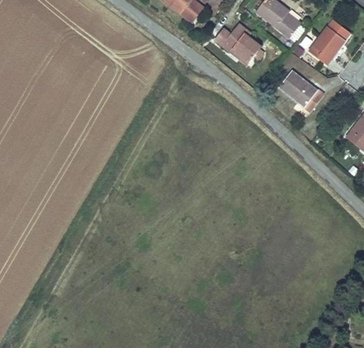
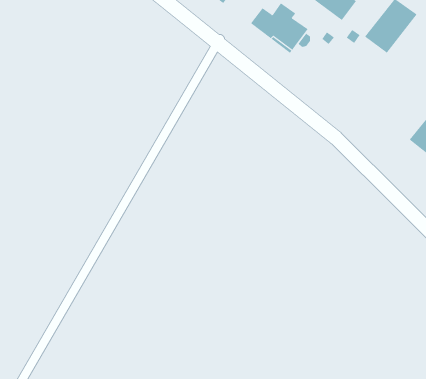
building: [278,69,324,111] -> none

